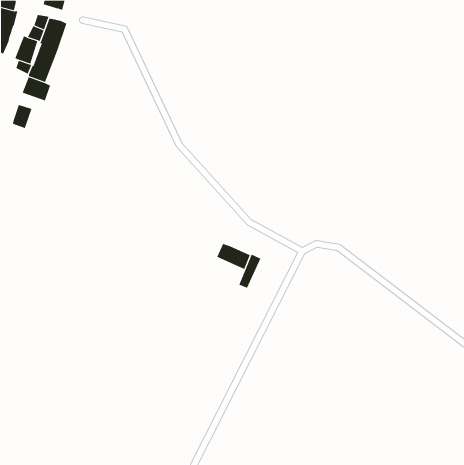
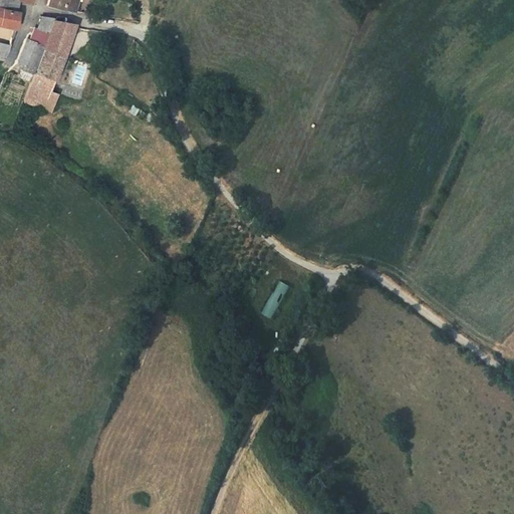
building: [12,104,32,129] -> none
building: [216,243,251,270] -> none

